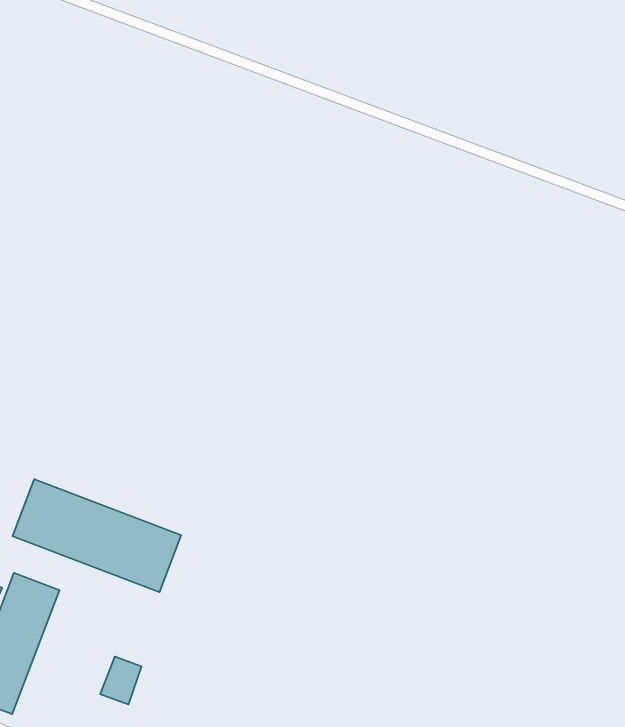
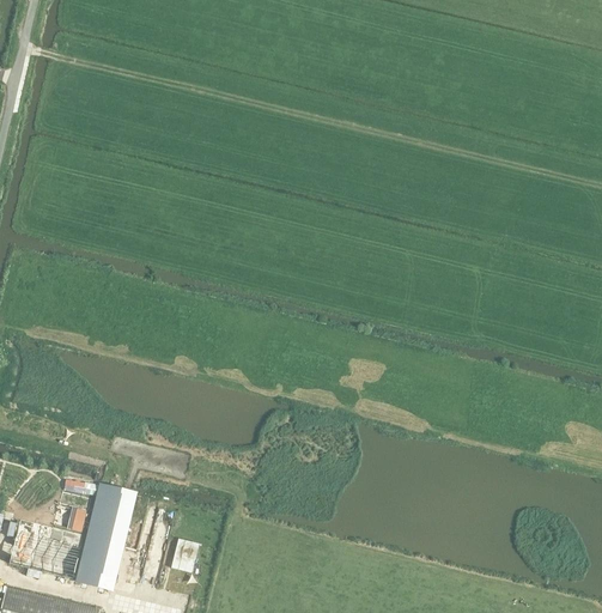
building: [12,479,181,592] -> none

